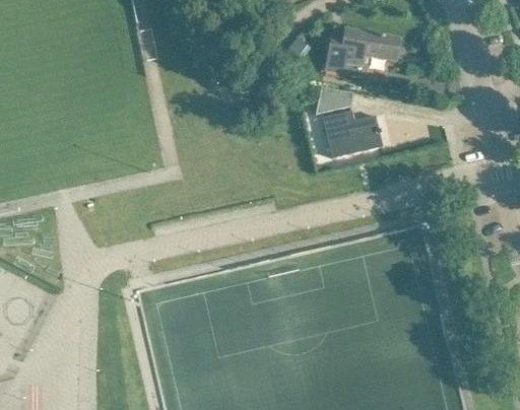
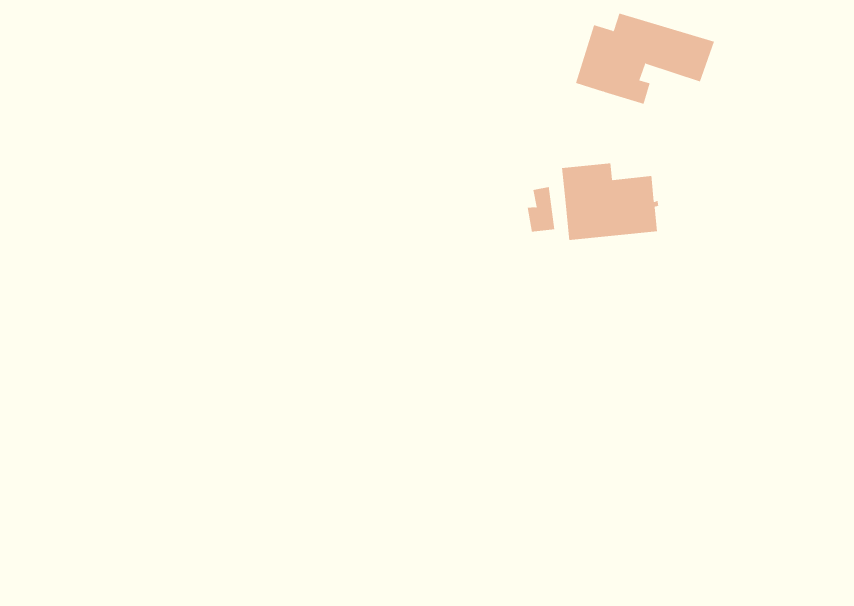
building: [315,82,351,109] -> none

